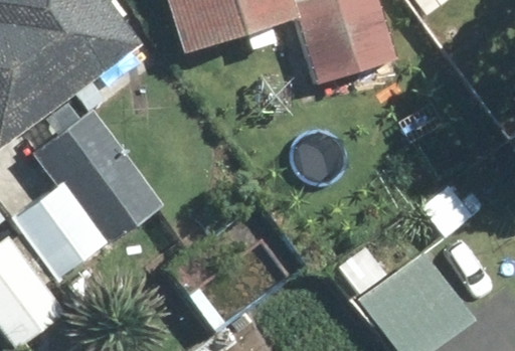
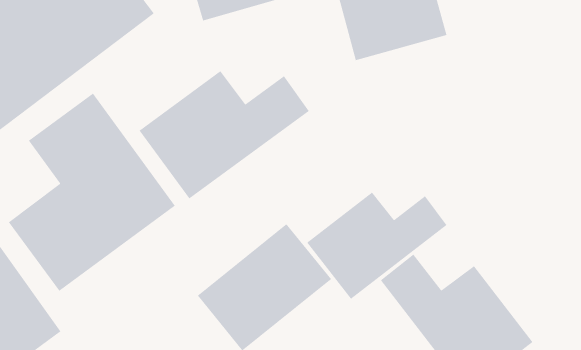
building: none -> [138,70,310,200]
building: none -> [306,192,448,300]

